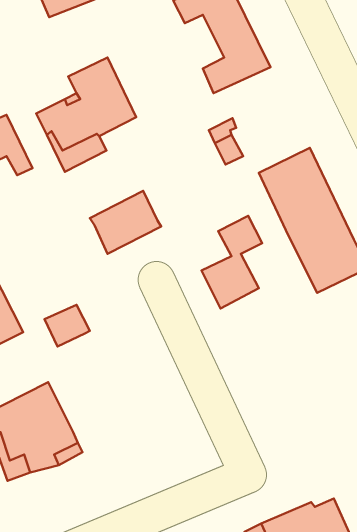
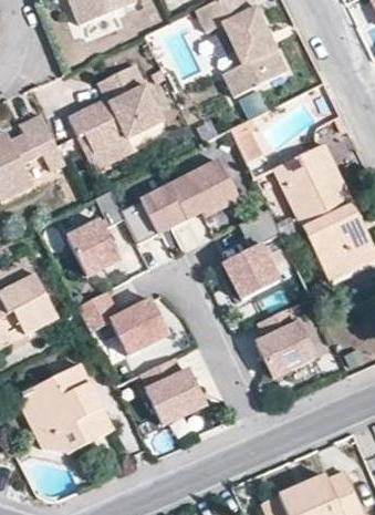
building: none -> [168,163,235,214]
building: none -> [65,190,123,276]
building: none -> [114,301,167,352]
building: none -> [256,308,311,375]
building: none -> [138,361,204,425]

